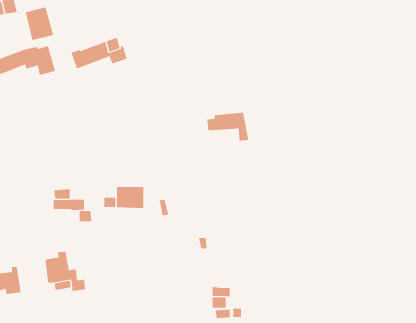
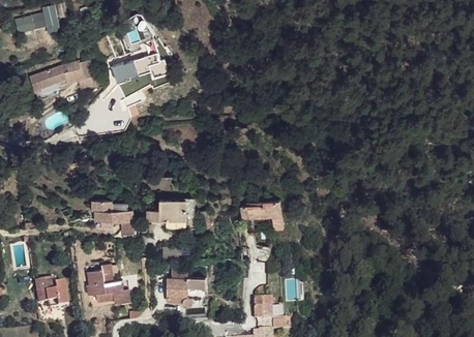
building: [25,7,54,41] -> none
building: [207,112,249,141] -> [241,200,284,228]
building: none -> [167,267,205,305]

